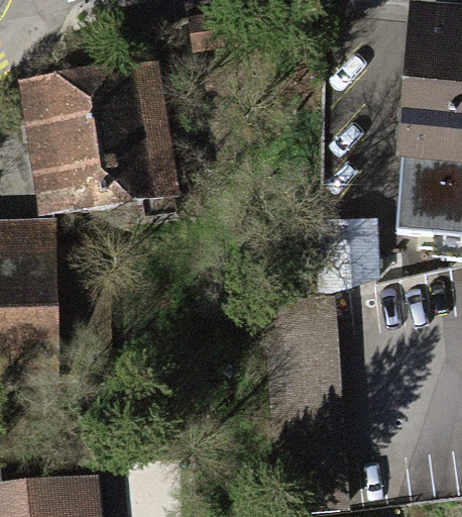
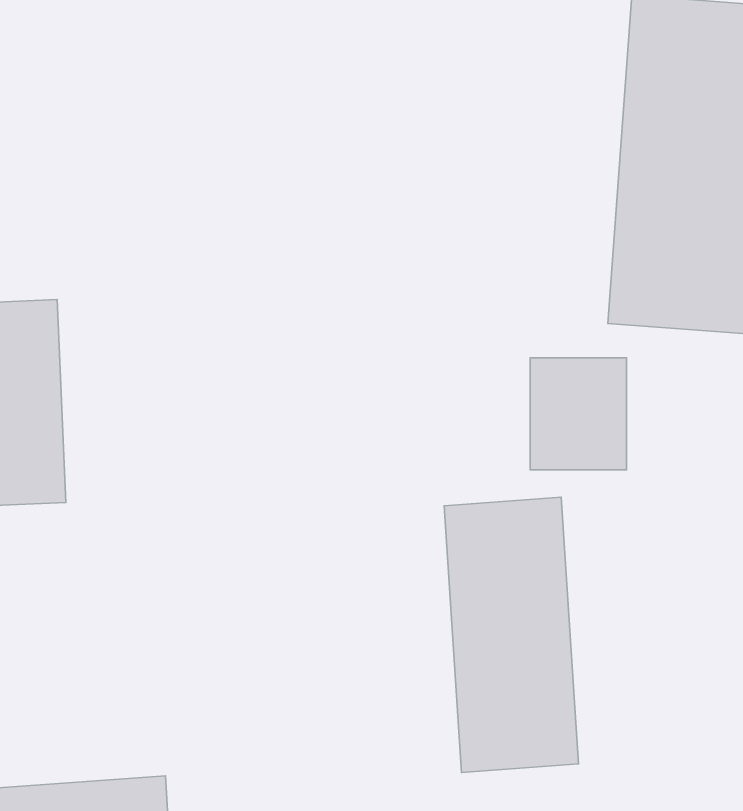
building: [19,58,166,199] -> none

